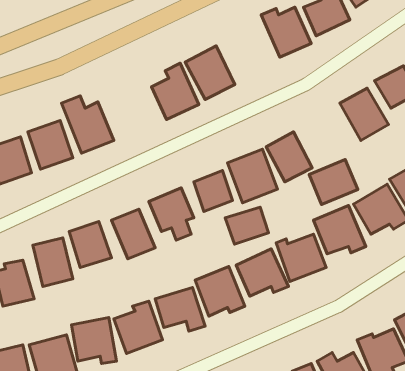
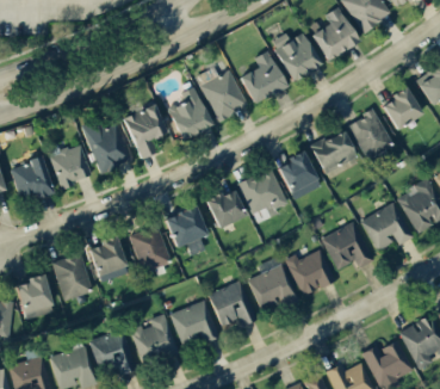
building: none -> [240,50,285,103]
building: none -> [123,104,167,159]
building: [309,160,358,204] -> [310,130,357,173]
building: [225,207,269,244] -> none

